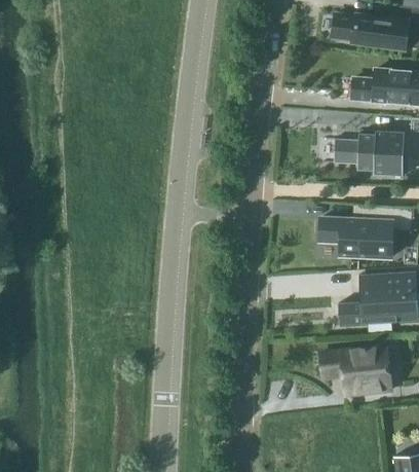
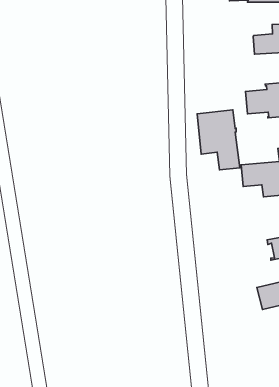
building: none -> [197,110,240,170]

